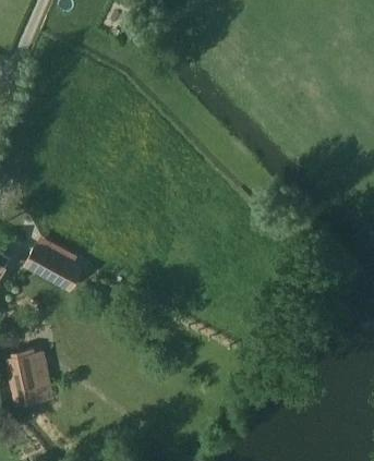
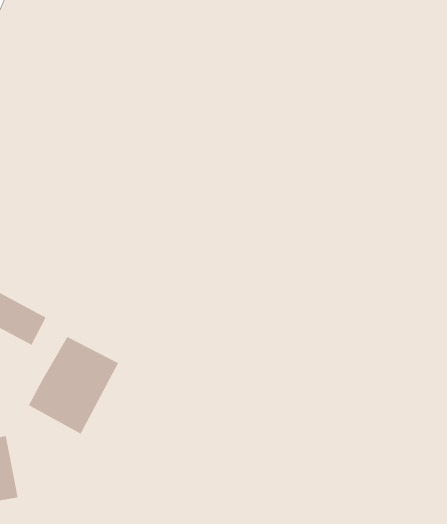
building: none -> [28,336,119,434]

